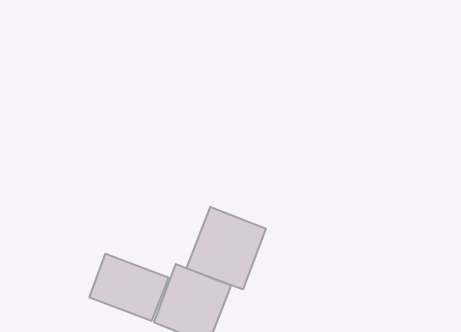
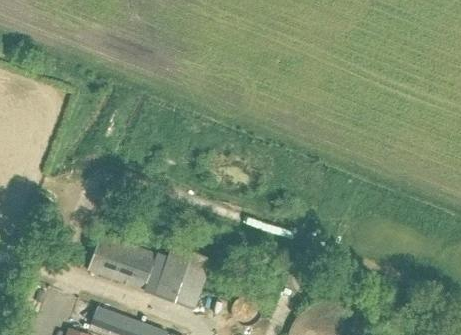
building: [187,207,266,289] -> none

